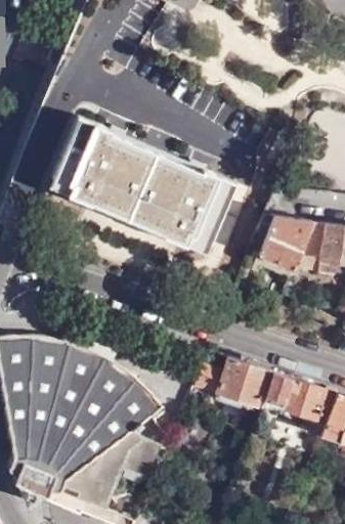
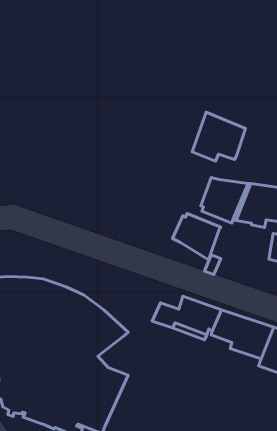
building: [55,123,244,259] -> none
building: none -> [192,112,246,161]
building: none -> [173,214,221,260]

